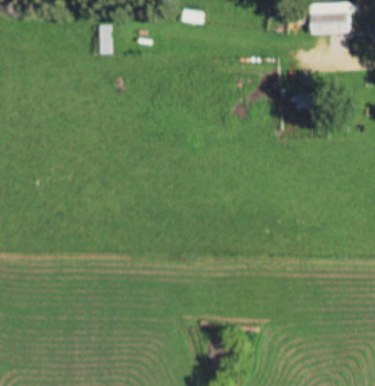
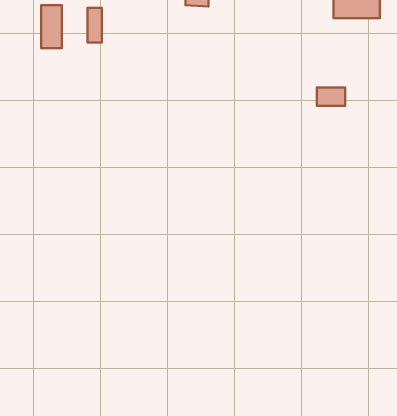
building: none -> [41,5,62,48]

